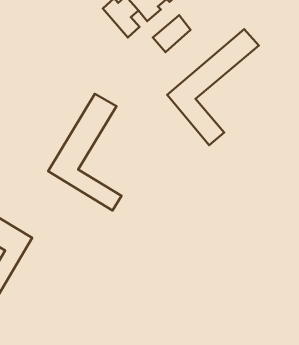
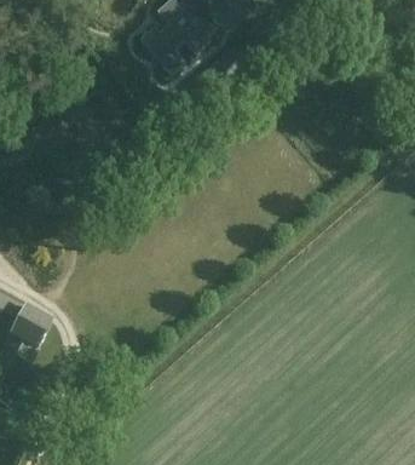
building: [167,29,259,145] -> none
building: [48,94,121,211] -> none

